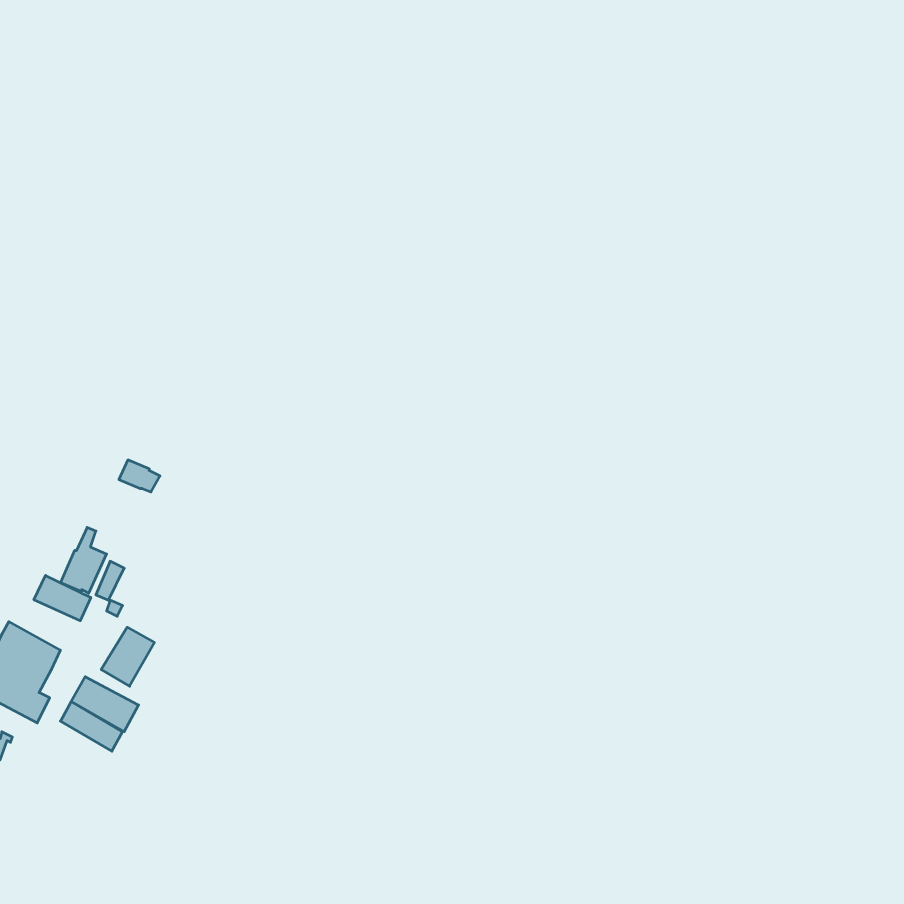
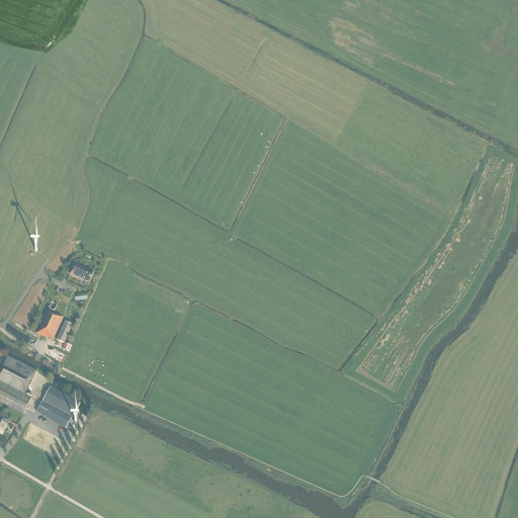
building: [34,575,91,621] -> none
building: [101,627,154,686] -> none

